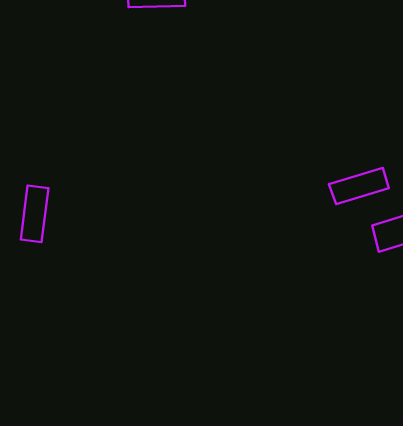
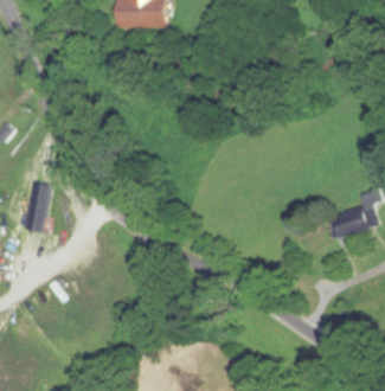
building: [329,168,389,204] -> none

